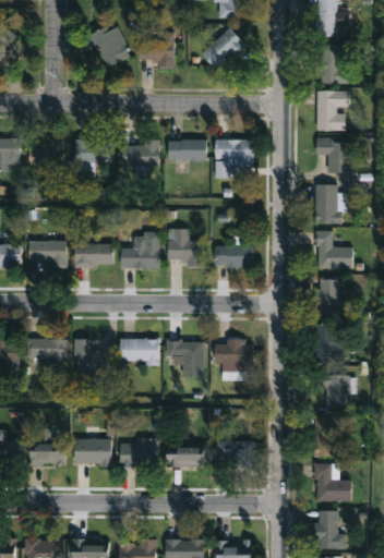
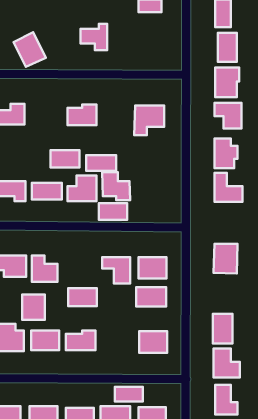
building: [88,23,131,69] -> [14,32,46,67]
building: [201,28,244,71] -> none
building: [74,141,112,163] -> [51,150,80,168]
building: [167,141,206,161] -> [86,155,116,171]
building: [215,246,252,268] -> [99,203,127,220]
building: [316,280,339,316] -> none
building: [120,340,158,364] -> [68,288,97,306]
building: [315,373,349,407] -> none
building: none -> [136,287,166,306]
building: none -> [22,295,45,320]
building: [166,448,203,468] -> [115,387,143,402]

